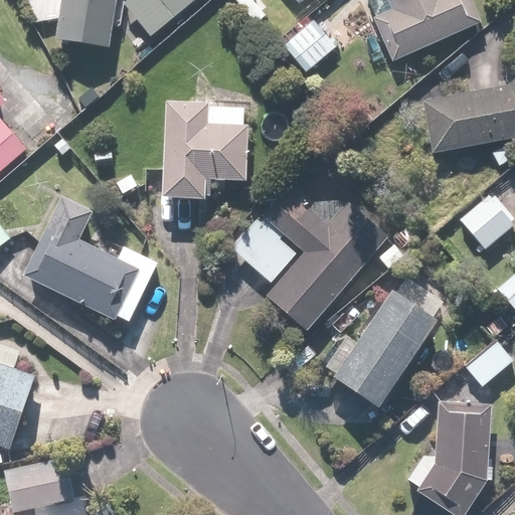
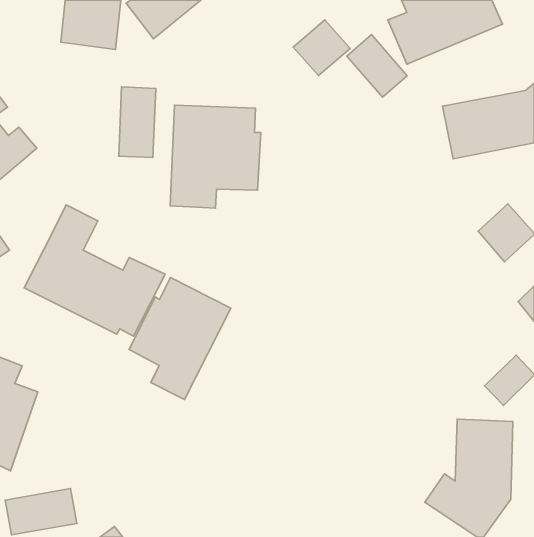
building: none -> [347,35,407,97]
building: none -> [119,87,156,158]
building: [232,188,389,329] -> none
building: none -> [129,278,231,399]
building: [335,275,448,405] -> none

